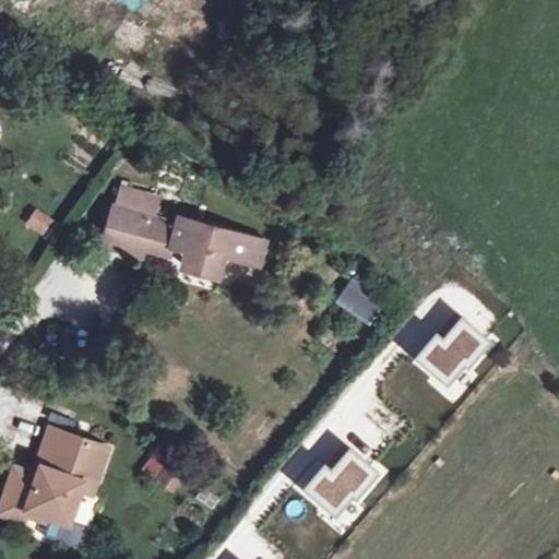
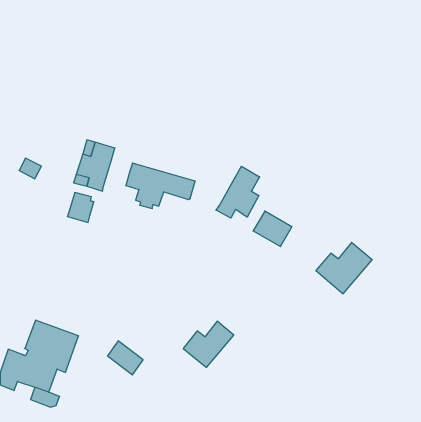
building: [139,215,174,254] -> [67,193,94,222]
building: none -> [216,166,260,218]
building: [309,454,376,515] -> [183,321,234,367]

